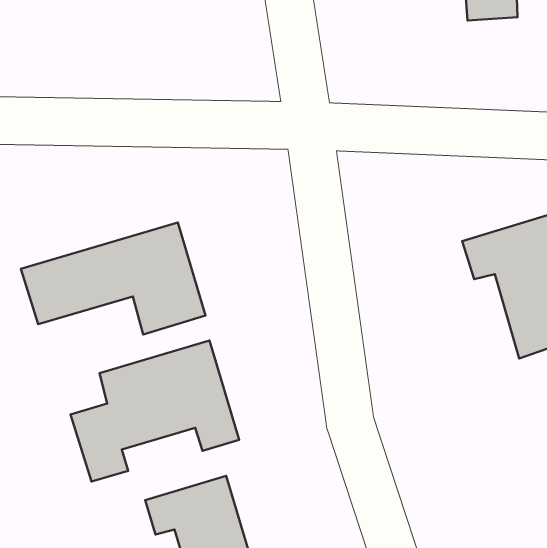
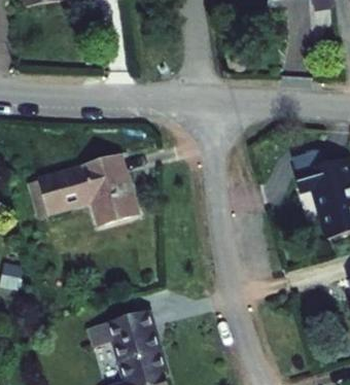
building: [71,340,239,482] -> none

